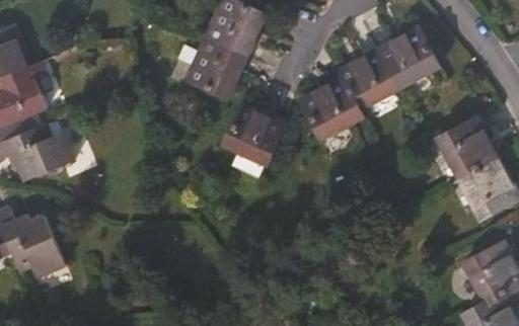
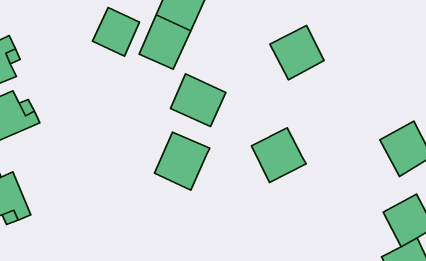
building: [377,27,442,90] -> none
building: none -> [92,8,140,56]
building: [299,79,361,141] -> [251,128,306,182]
building: [437,116,499,180] -> none
building: none -> [155,132,210,190]

